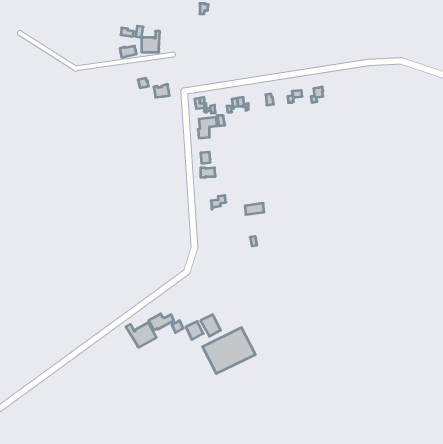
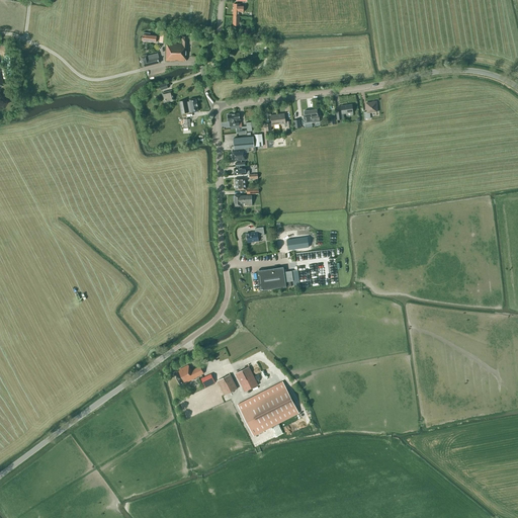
building: none -> [256,267,290,291]
building: [126,322,156,347] -> none

